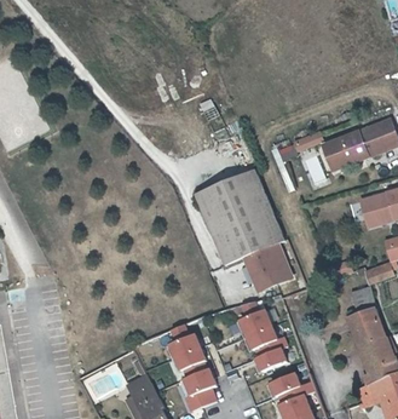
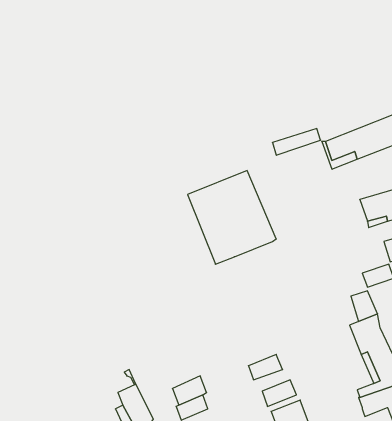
building: [241,240,292,292] -> none
building: [237,309,277,349] -> none
building: [166,323,206,372] -> none

